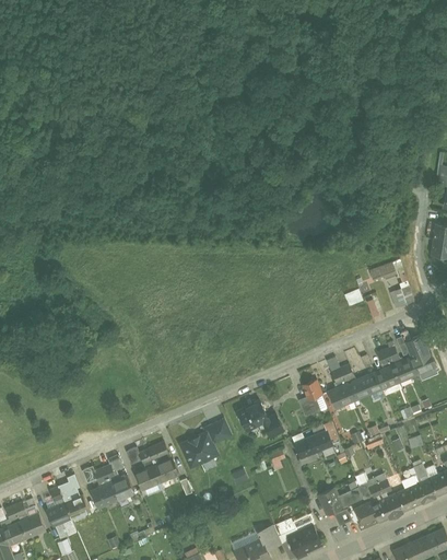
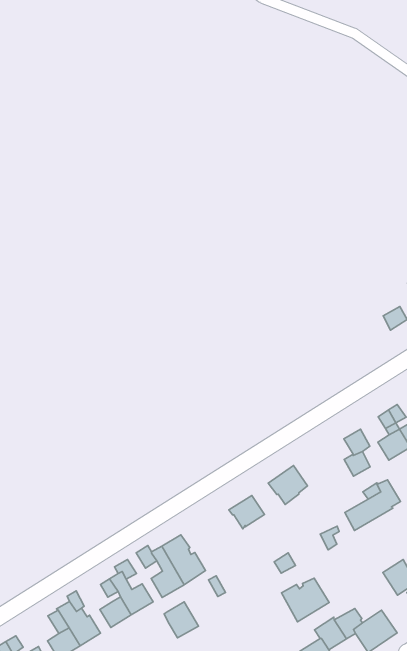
building: [180,432,216,466] -> none
building: none -> [281,578,329,622]
building: none -> [164,602,198,638]

